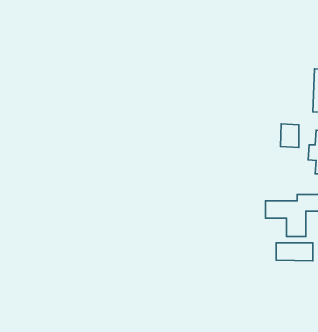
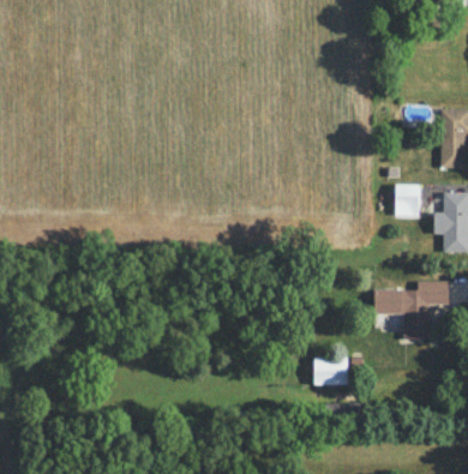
building: [276,243,313,261] -> none
building: none -> [314,358,348,385]

